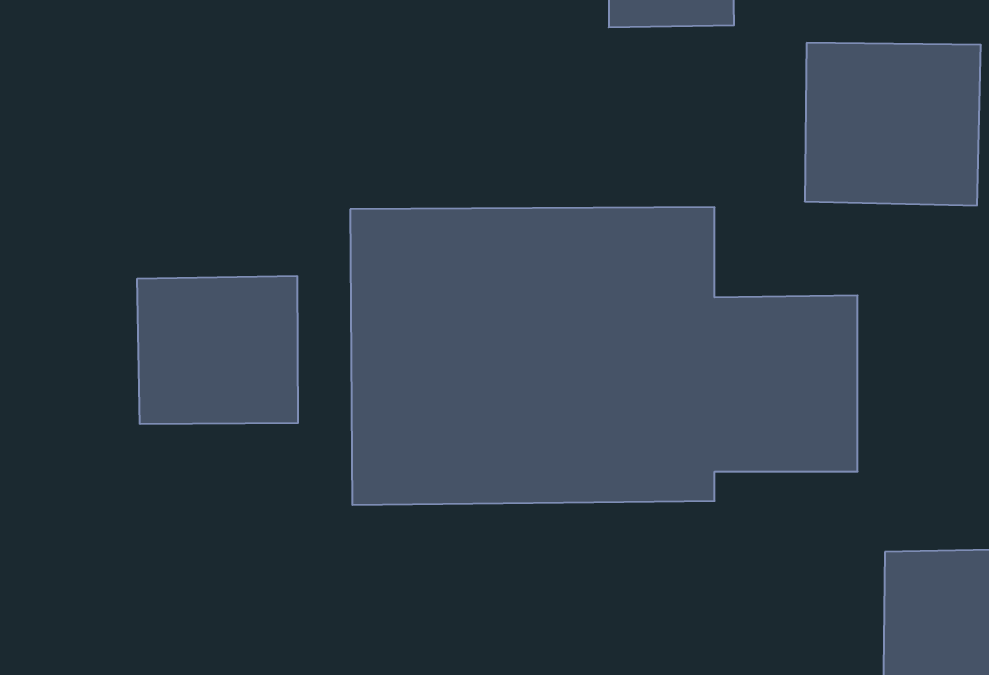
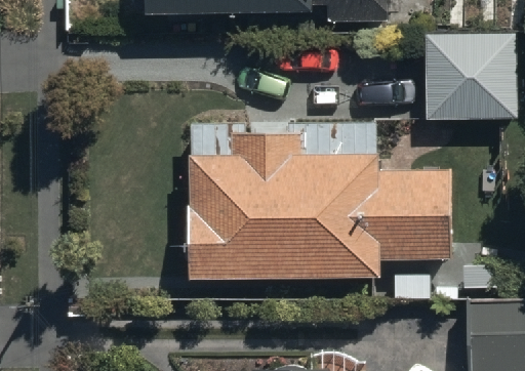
building: [137,276,298,424] -> none

